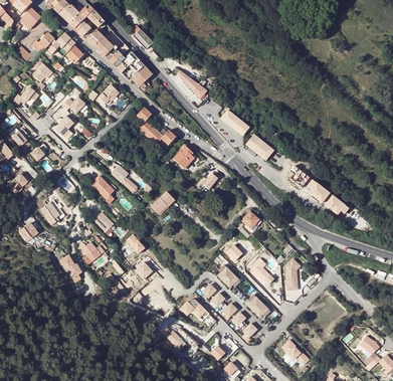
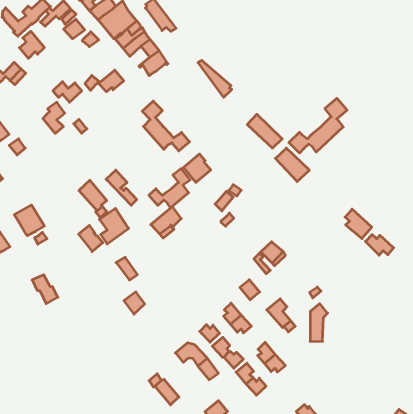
building: none -> [289,98,347,153]
building: none -> [149,169,190,208]
building: [79,236,104,265] -> [99,208,129,244]

